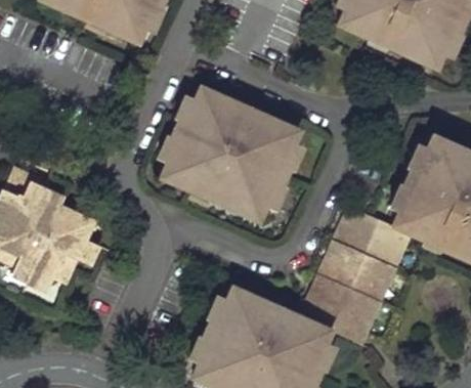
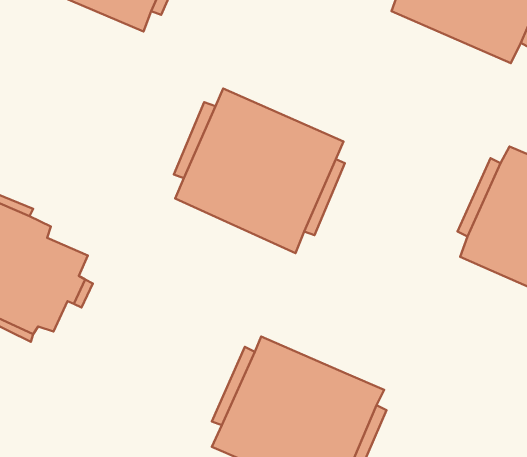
building: [301,206,412,344] -> none

